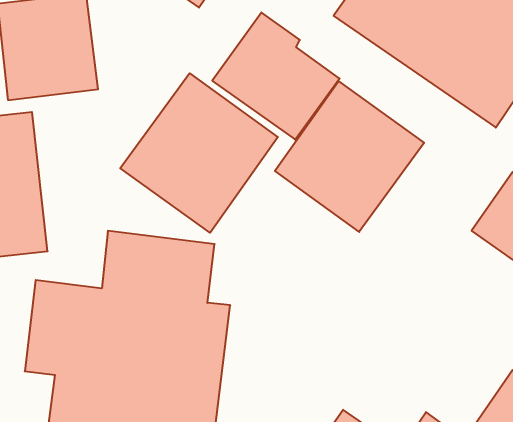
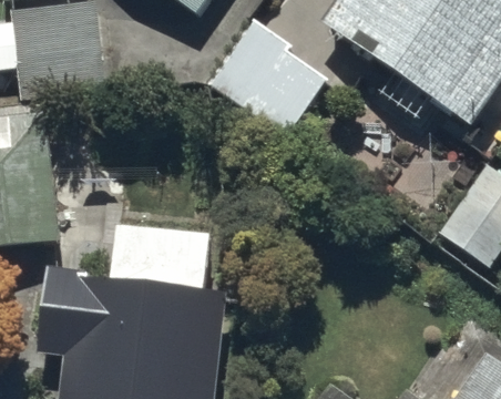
building: [120,73,278,233] -> none
building: [275,81,424,232] -> none

